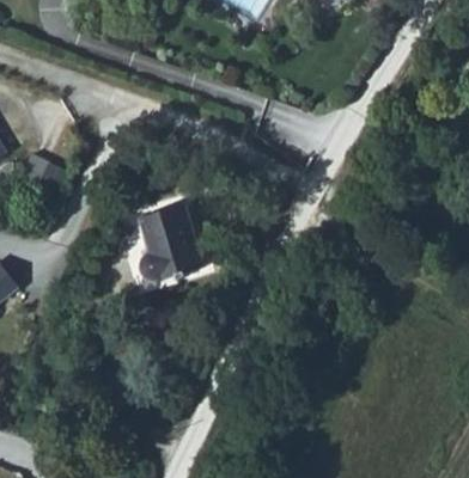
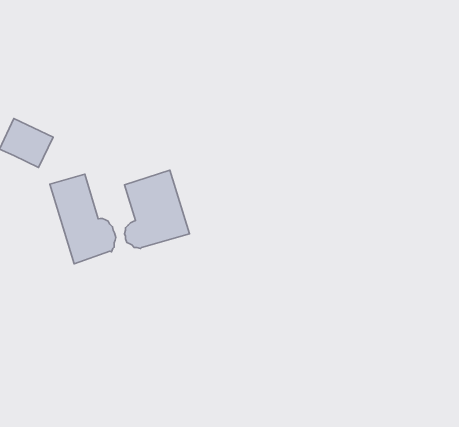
building: none -> [50,174,116,264]

